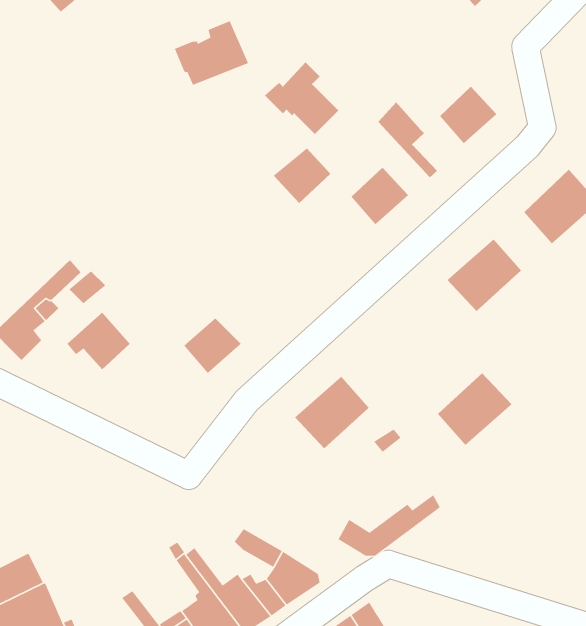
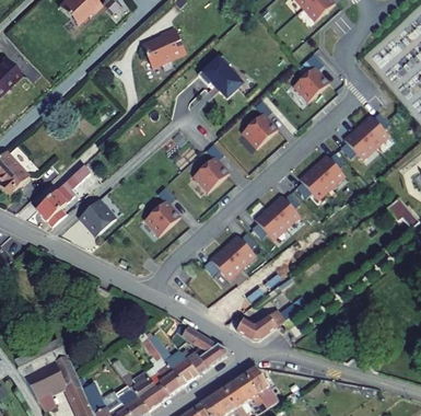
building: [377,101,438,178] -> none
building: [273,147,331,204] -> [195,158,229,190]
building: [437,372,512,446] -> [256,195,300,238]

